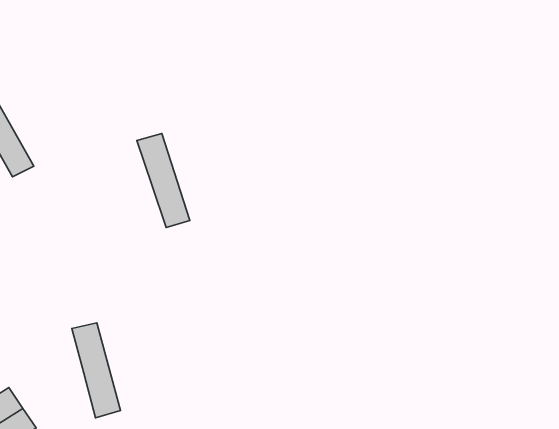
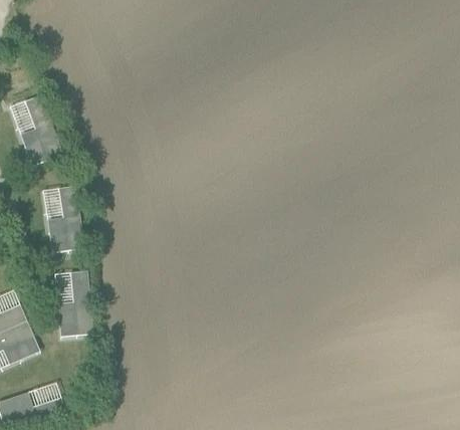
building: [137,133,190,227] -> [52,184,79,249]

